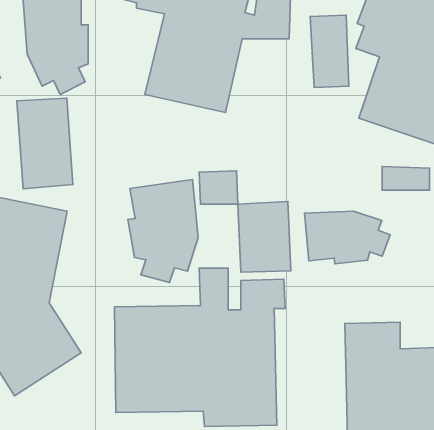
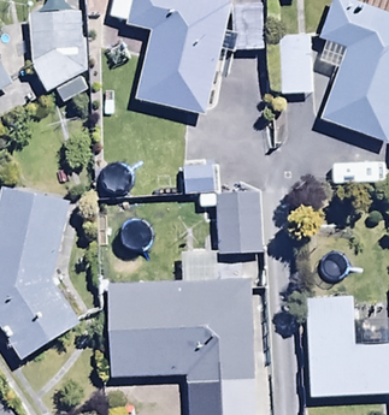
building: [17,98,73,189] -> none
building: [128,180,198,283] -> none
building: [305,211,390,264] -> none

